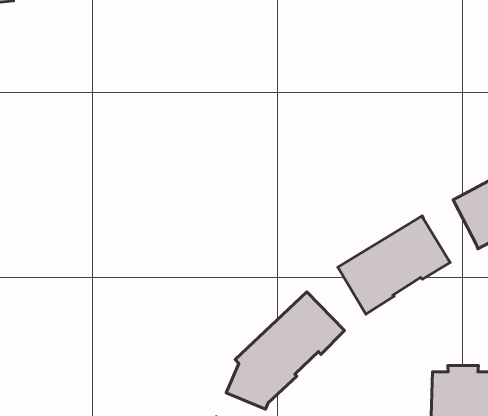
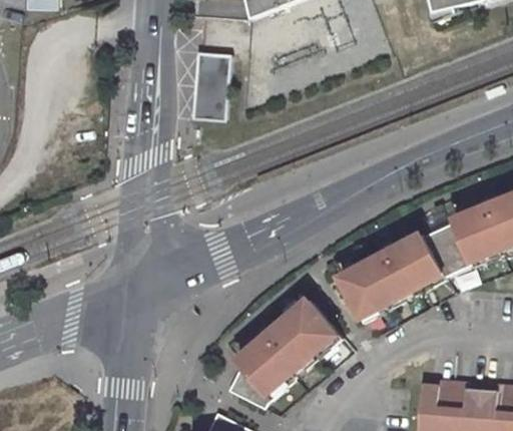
building: none -> [188,50,225,118]
building: none -> [422,225,470,280]

